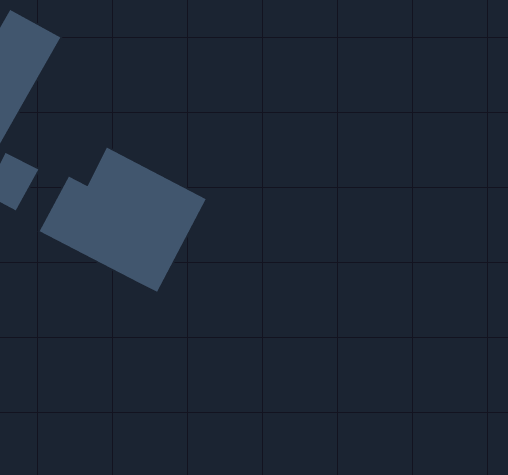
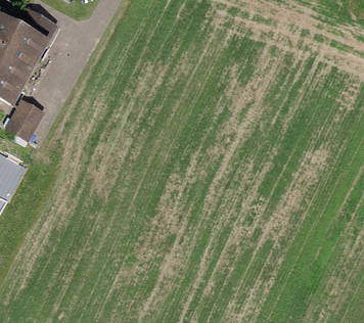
building: [38,147,207,293] -> none

